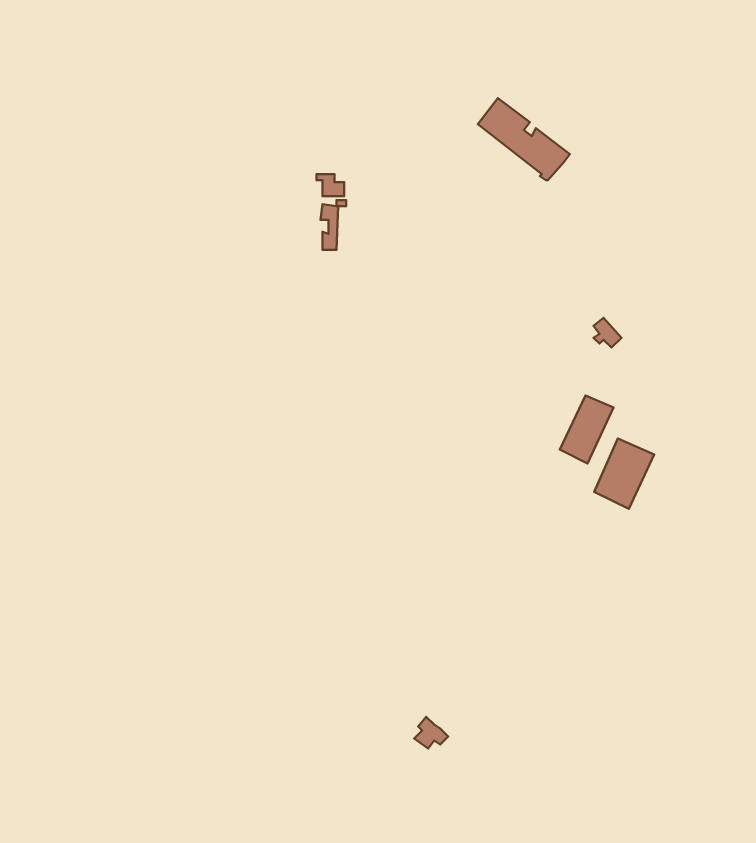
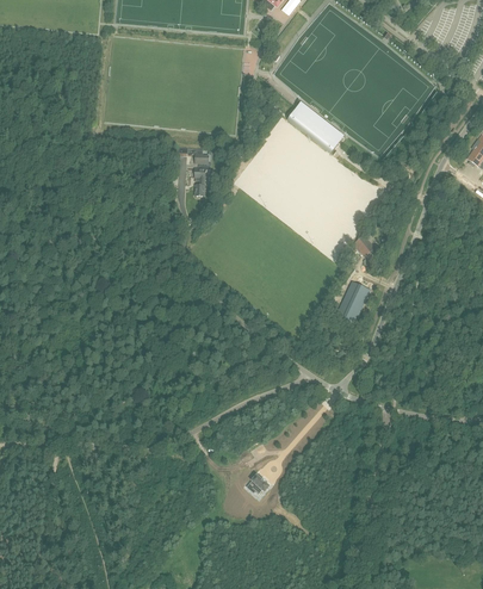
building: [594,439,654,509] -> none

